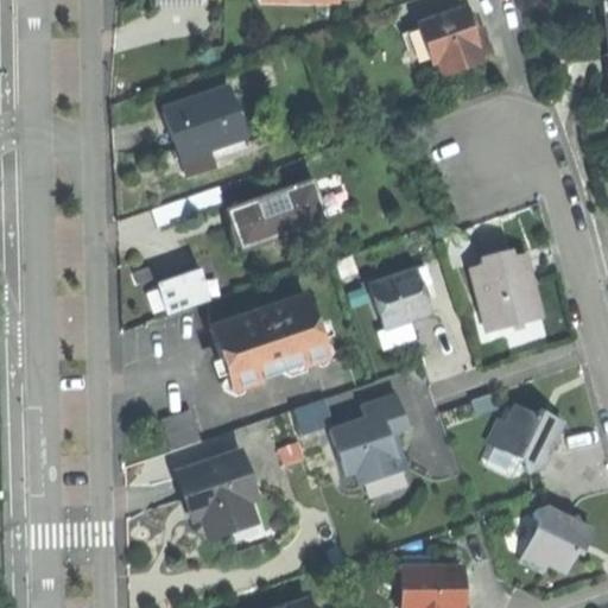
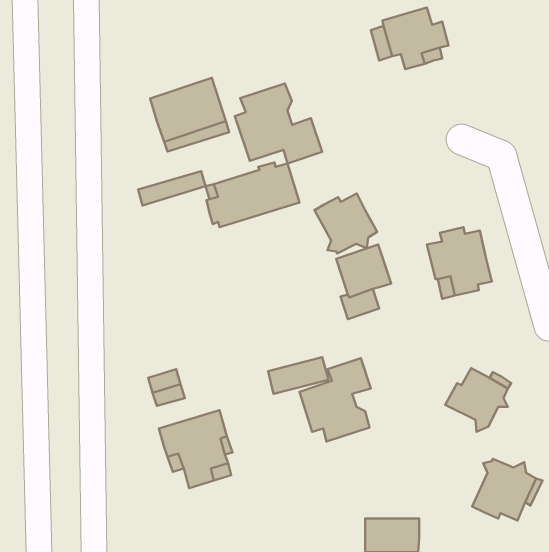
building: none -> [235,83,322,163]
building: none -> [314,194,377,253]
building: [164,268,214,308] -> none
building: [213,296,328,388] -> none

